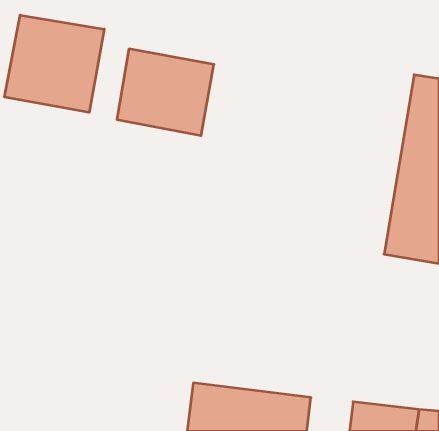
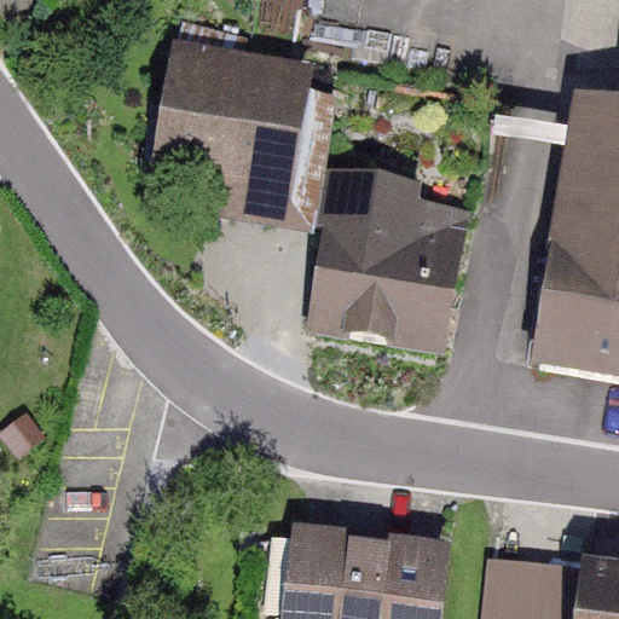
building: [5,15,104,112] -> none
building: none -> [323,141,469,342]

